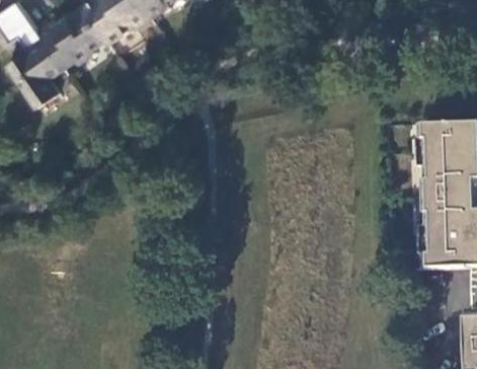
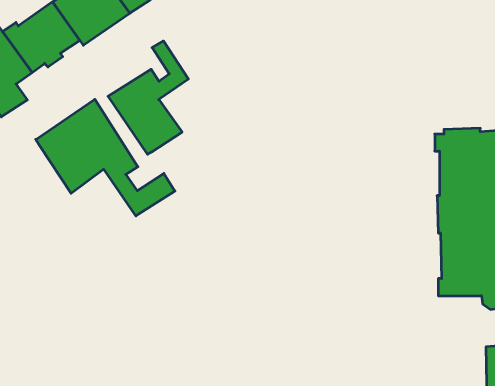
building: none -> [108,41,188,154]
building: none -> [36,99,175,216]

